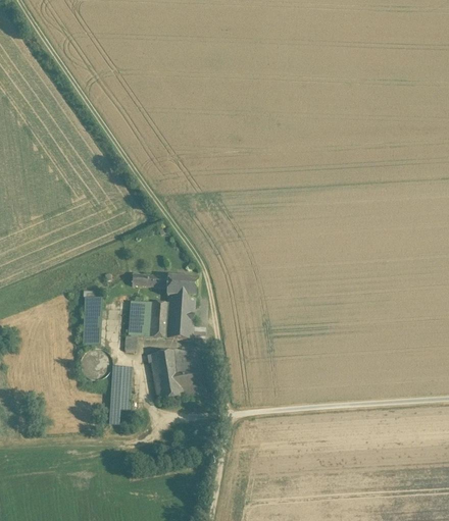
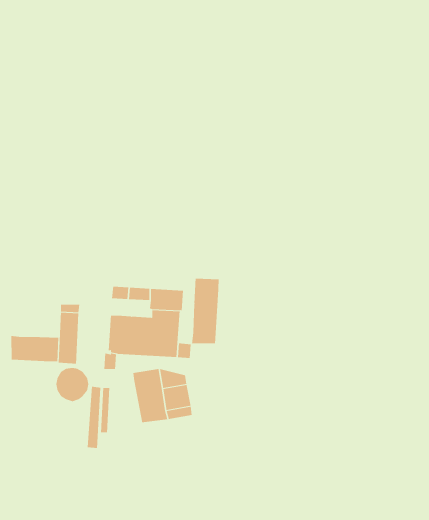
building: none -> [191,278,219,344]
building: none -> [11,335,59,362]

